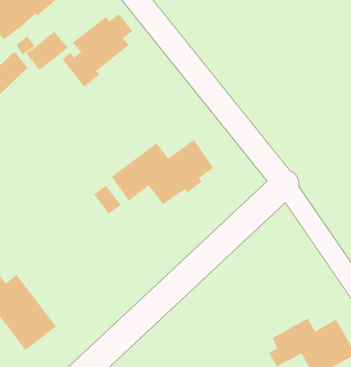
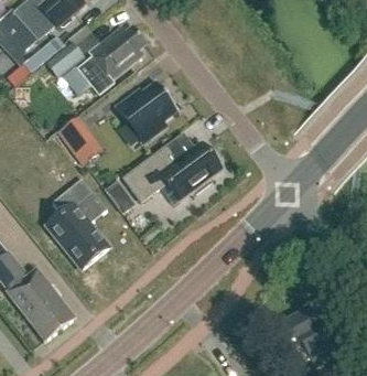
building: none -> [117,80,179,140]
building: none -> [58,119,93,153]
building: none -> [43,173,104,264]

